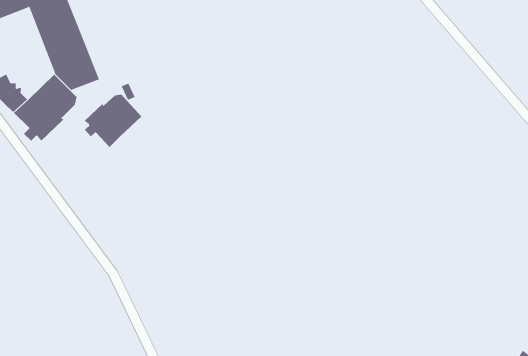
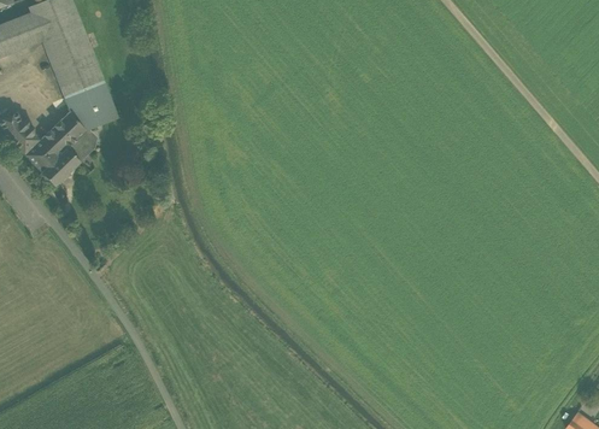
building: [84,94,142,148] -> none

